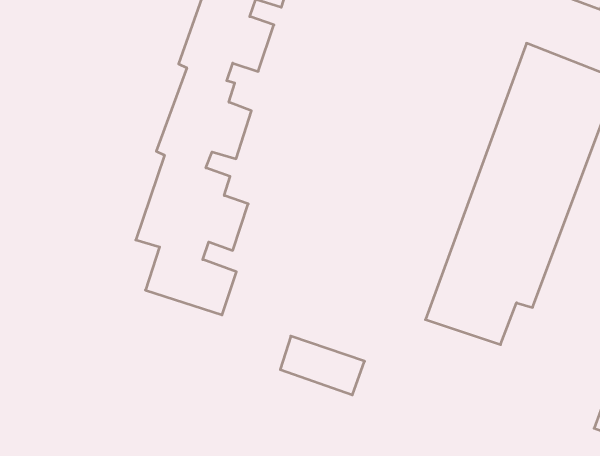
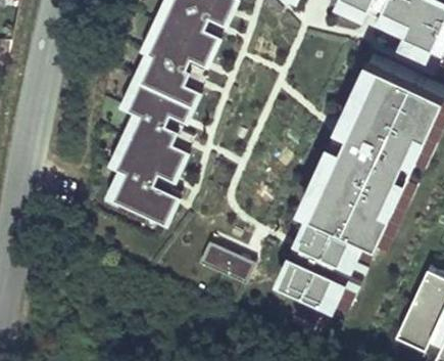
building: none -> [278,256,347,309]

